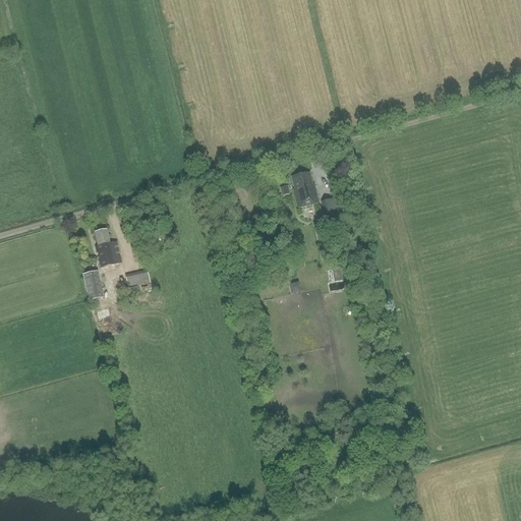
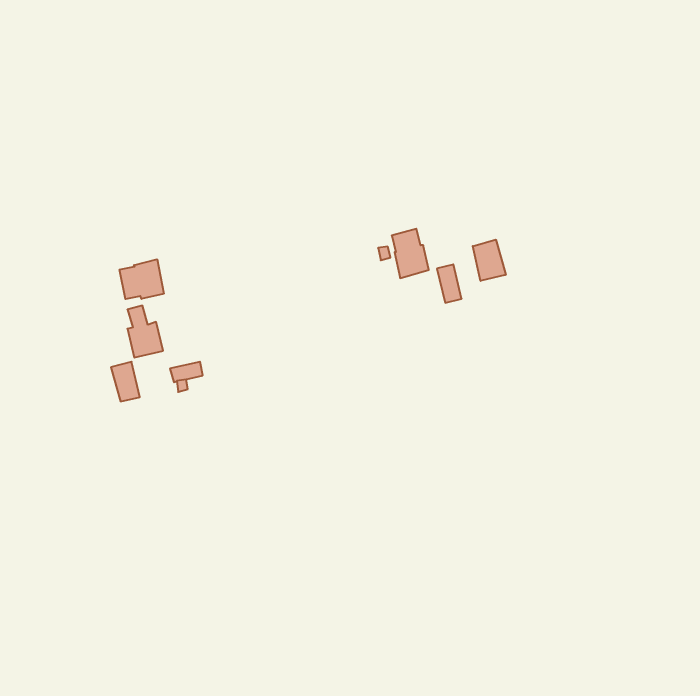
building: none -> [473,240,506,281]
building: none -> [120,259,164,299]

